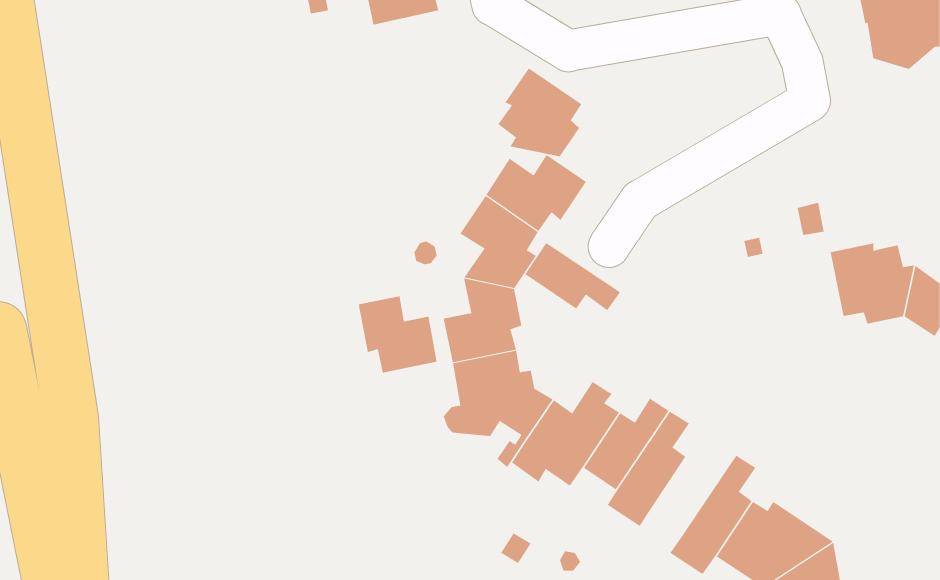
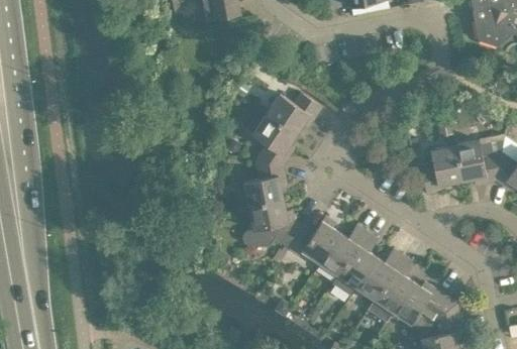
building: [497,68,582,157] -> none
building: [524,242,621,311] -> none
building: none -> [421,144,462,193]
building: [358,295,437,374] -> none
building: none -> [356,248,404,299]

